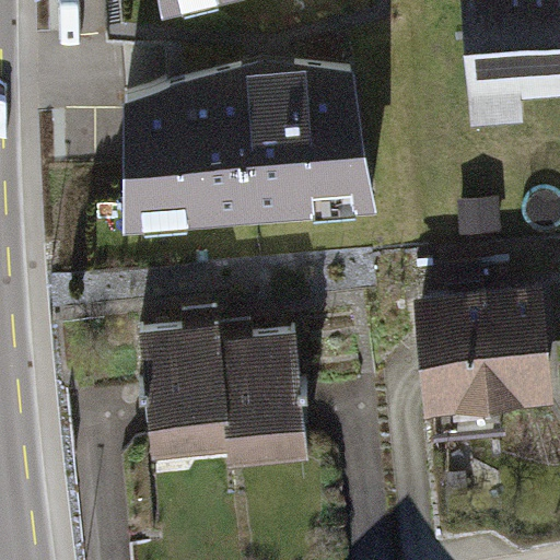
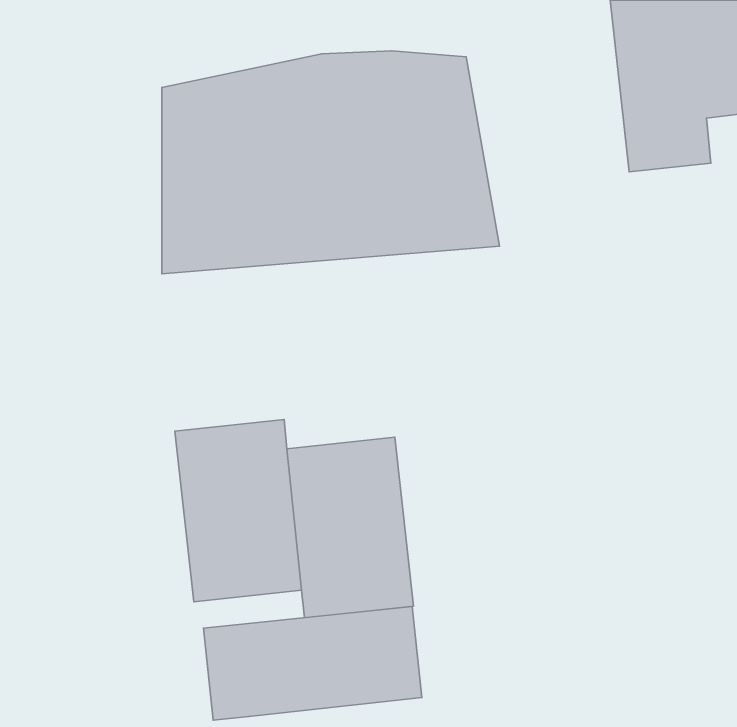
building: [406,295,544,442] -> none
building: none -> [203,607,422,720]

